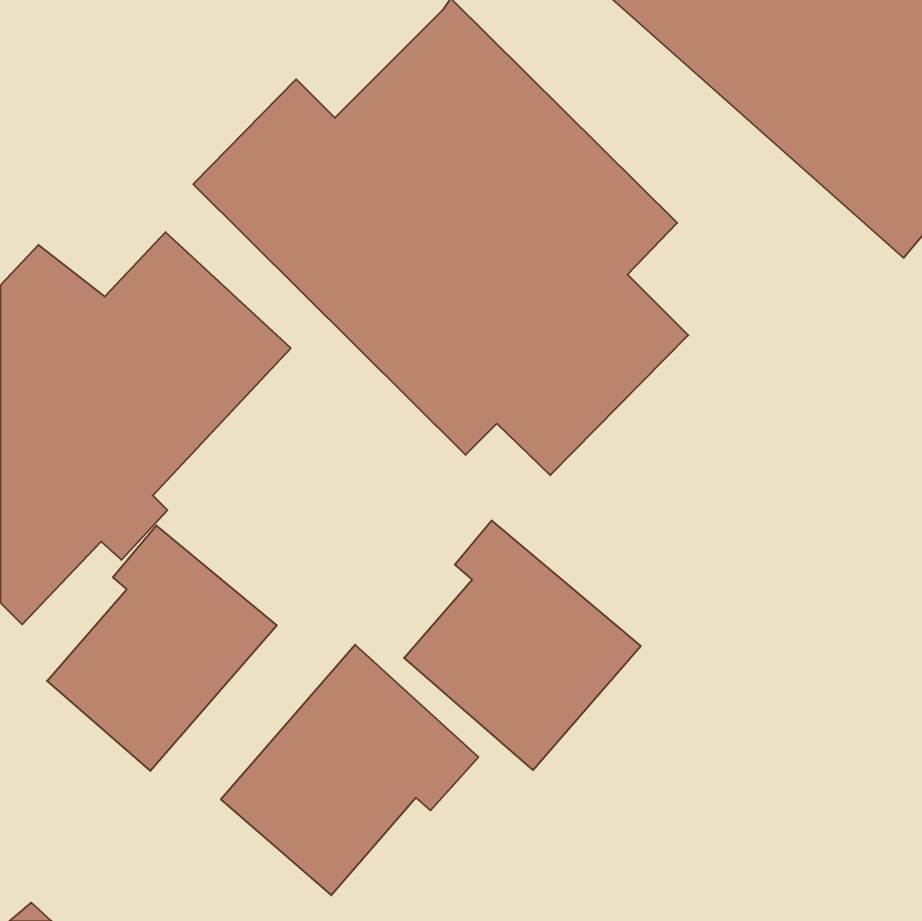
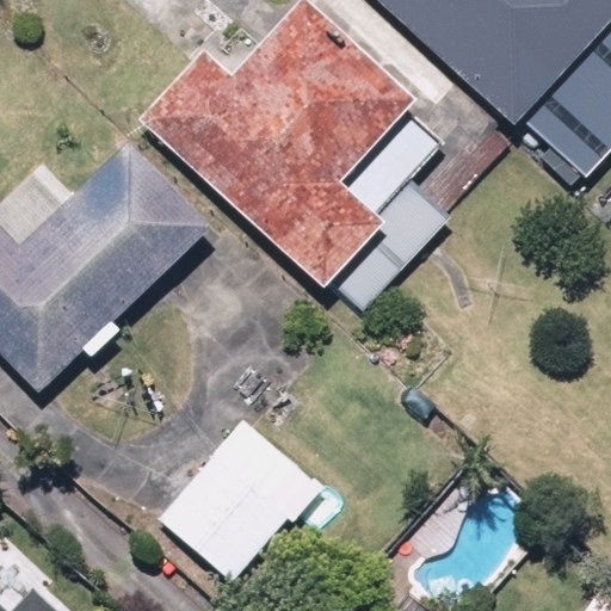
building: [404,520,641,770] -> none
building: [47,525,277,771] -> none

